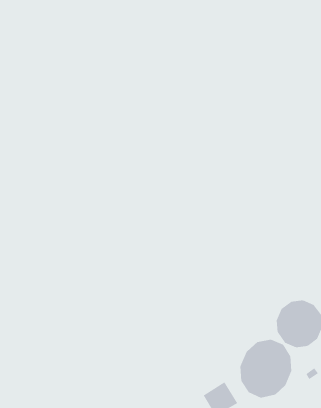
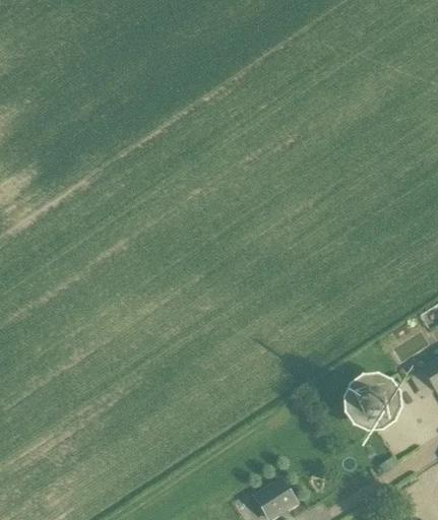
building: [240,339,292,398] -> none

